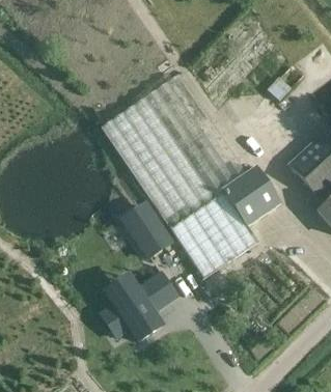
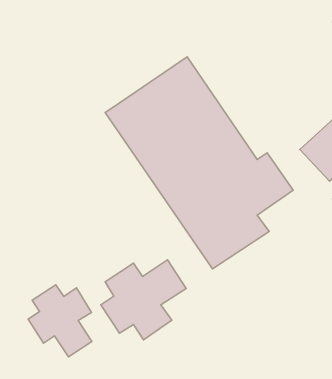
building: [120,200,174,259] -> none
building: none -> [28,285,92,357]

